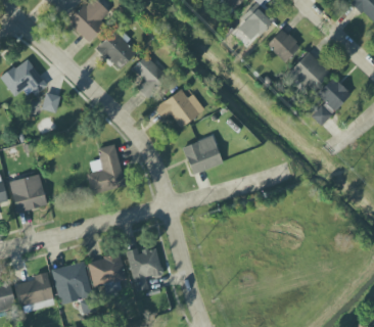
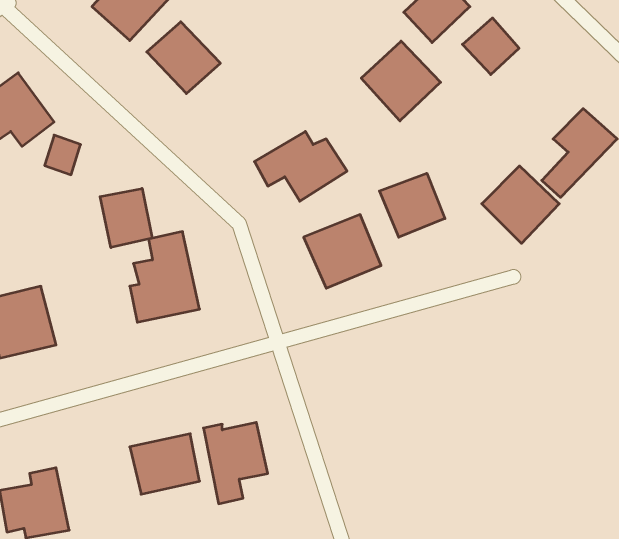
building: none -> [361,41,441,121]
building: [288,52,330,94] -> [482,166,559,243]
building: [132,55,168,99] -> none
building: none -> [379,173,445,237]
building: none -> [100,188,152,248]
building: [51,262,92,303] -> none

